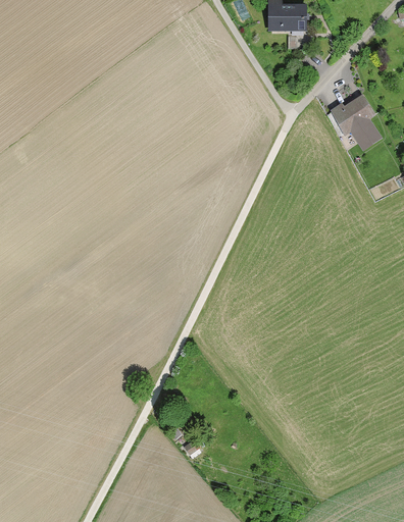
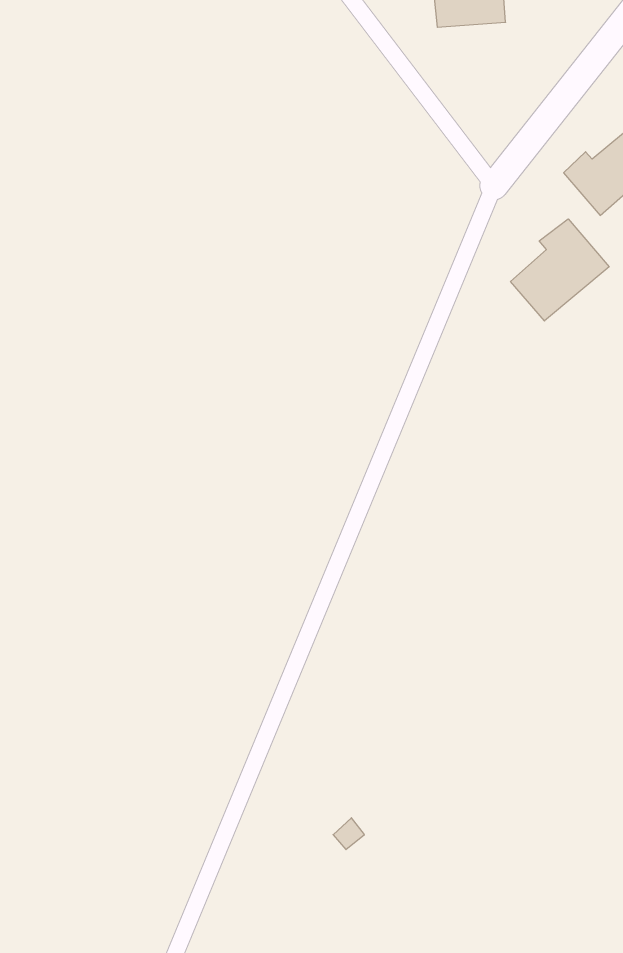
building: none -> [511,219,609,321]

